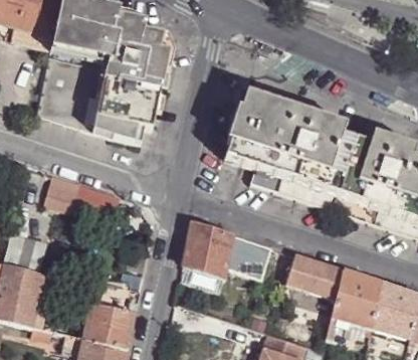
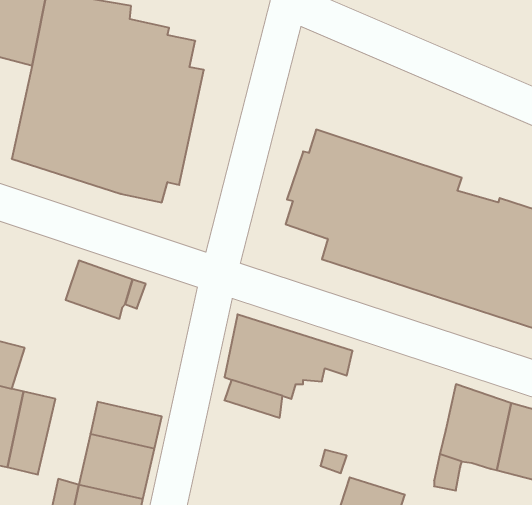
building: [42,174,81,217] -> none
building: [288,253,343,300] -> none

